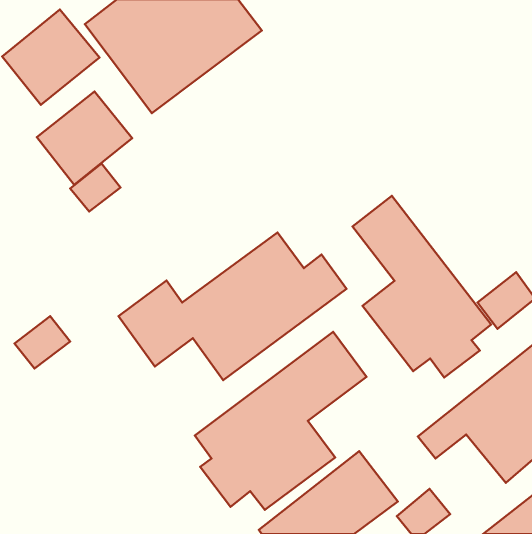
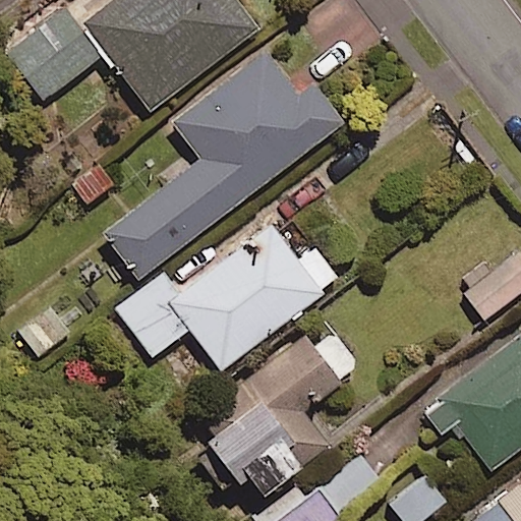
building: none -> [106,50,342,278]
building: [37,91,132,185] -> none
building: [352,196,491,378] -> none

